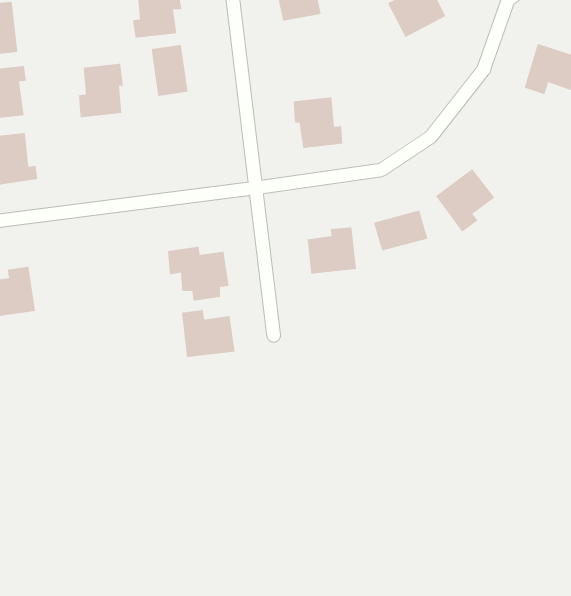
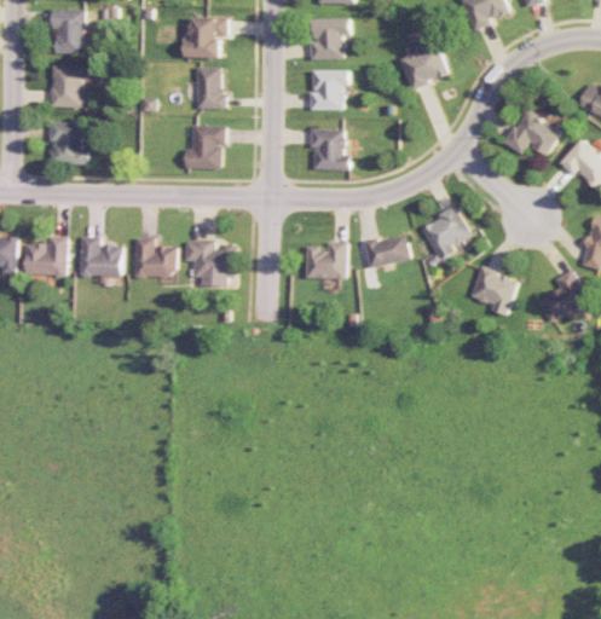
building: none -> [308,69,348,110]
building: [78,63,124,118] -> [183,125,224,168]
building: none -> [469,267,516,314]
building: none -> [79,236,121,276]
building: [181,309,235,358] -> [133,237,175,277]

